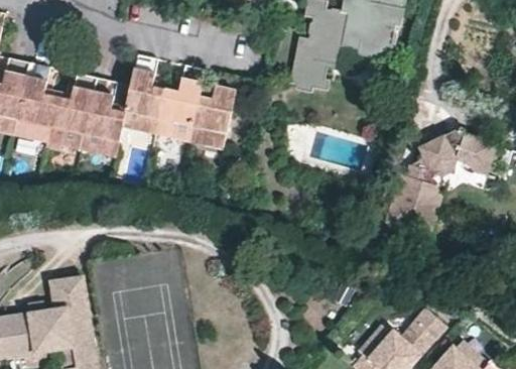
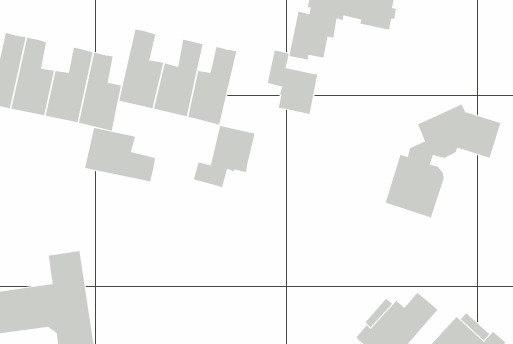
building: none -> [267,50,318,115]
building: none -> [193,125,255,188]
building: none -> [84,127,155,182]

